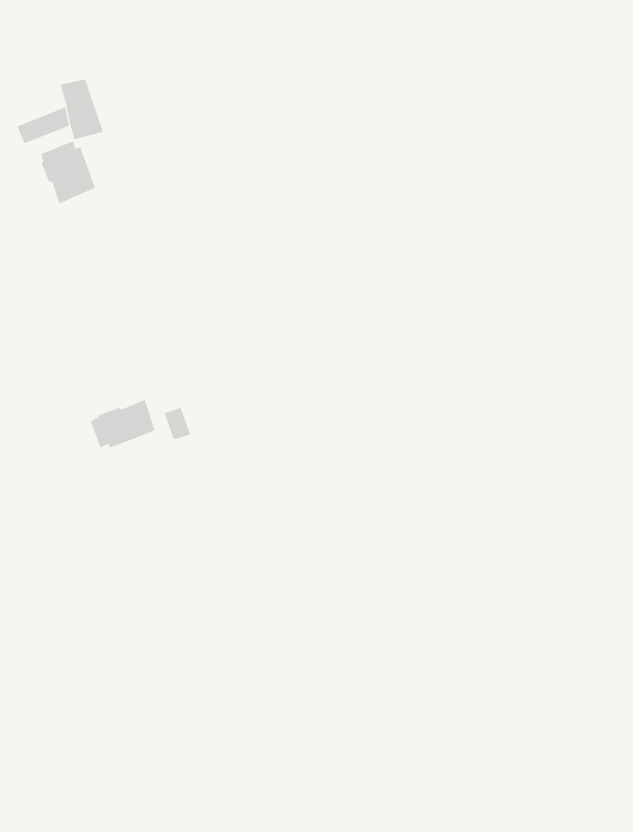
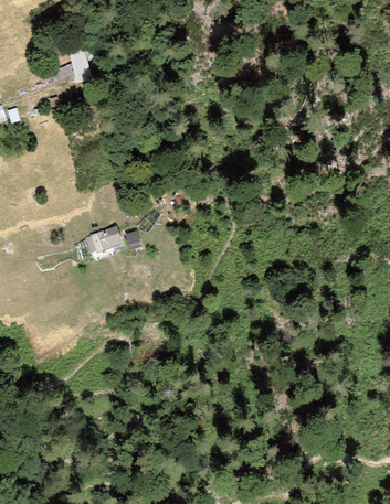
building: [41,140,96,204] -> none

